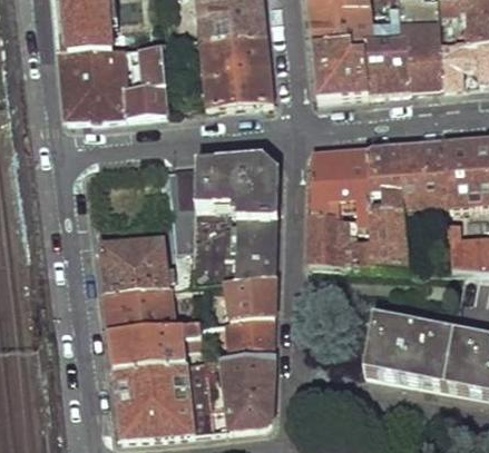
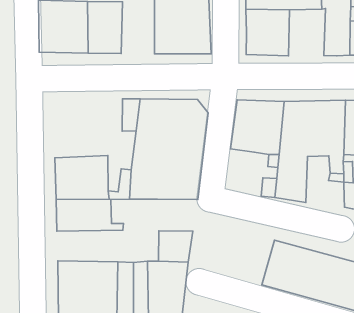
building: [364,31,411,92] -> none
building: [307,211,345,264] -> none
building: [227,276,276,318] -> none
building: [110,321,202,366] -> none

